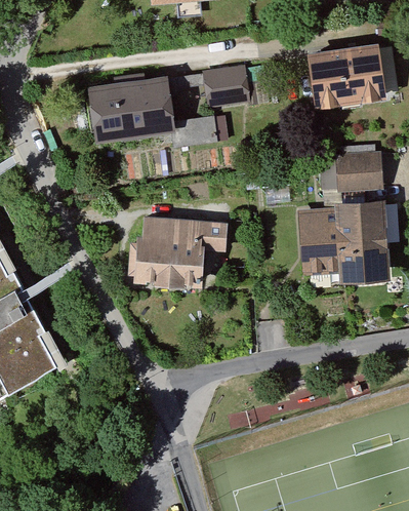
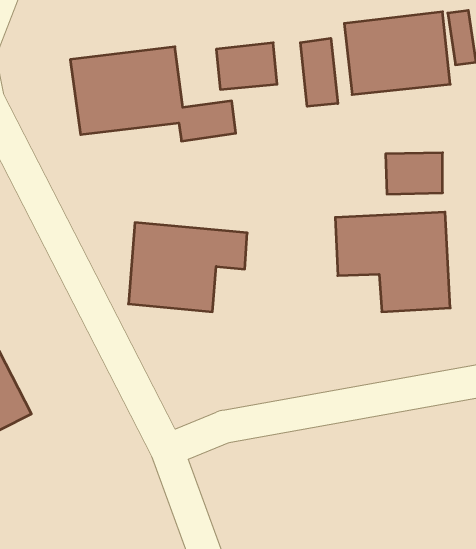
building: none -> [300,38,338,106]

